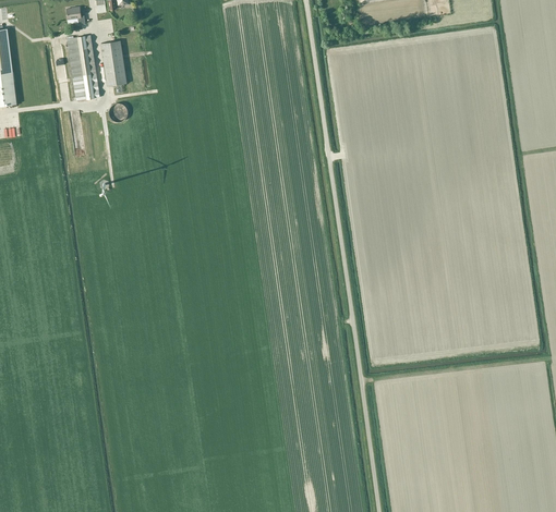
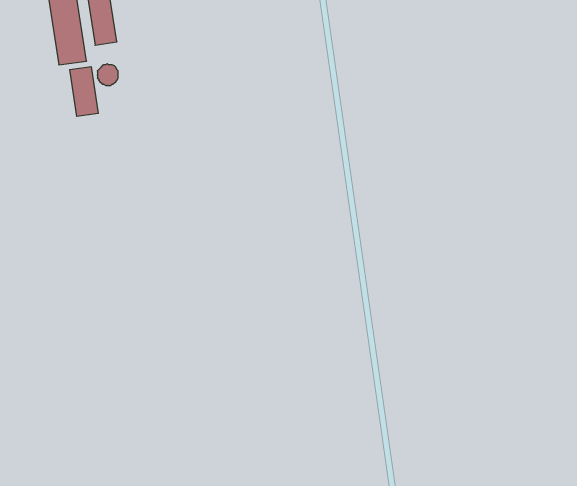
building: none -> [70,67,98,116]

